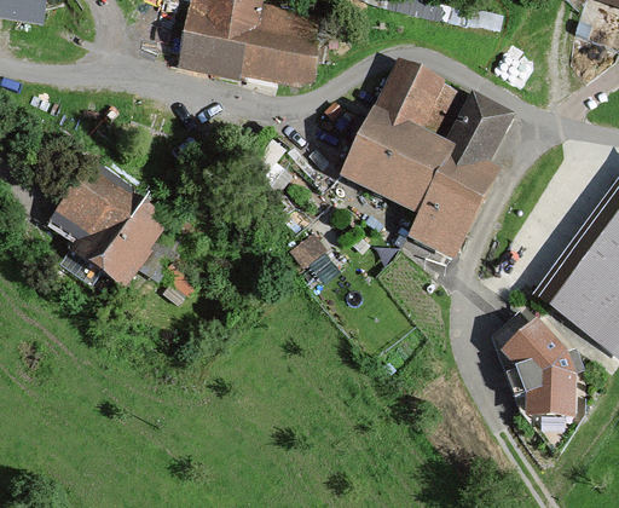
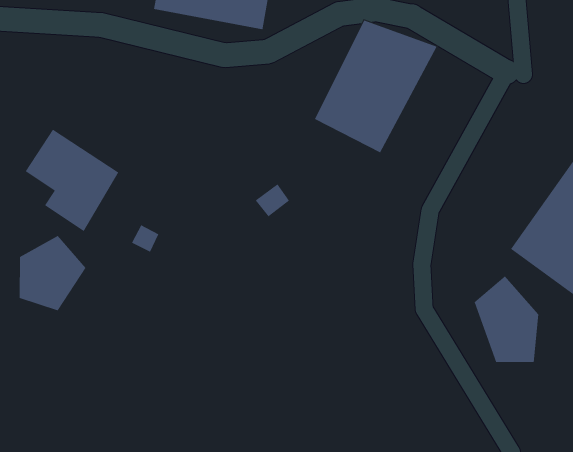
building: [417,98,507,247] -> none
building: none -> [19,235,86,311]

